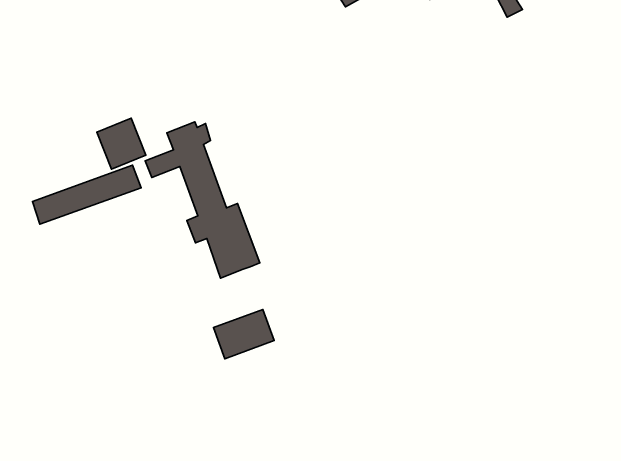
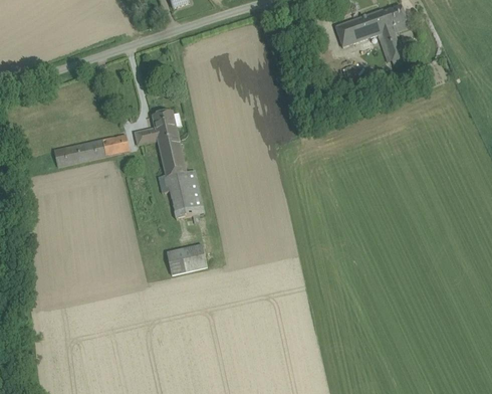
building: [97,118,146,169] -> none

